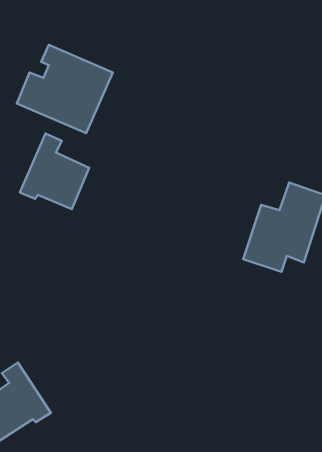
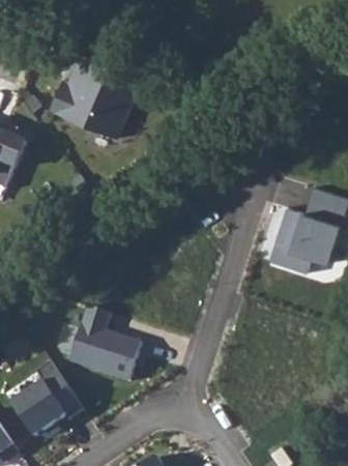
building: [20,134,89,209] -> none
building: none -> [69,305,141,381]

